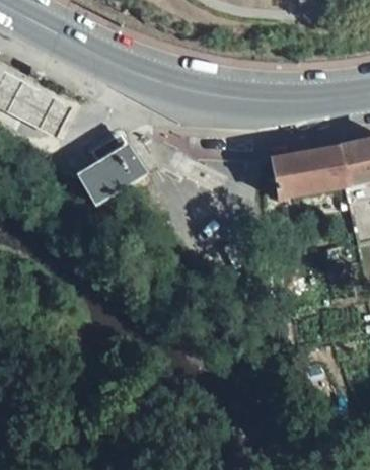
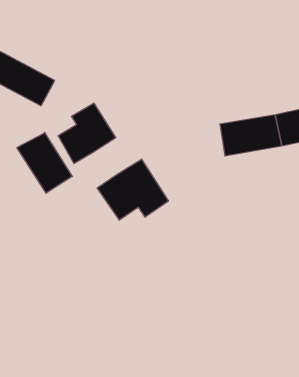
building: none -> [17,132,72,193]
building: none -> [97,159,168,220]

